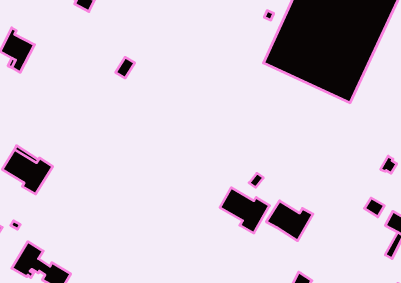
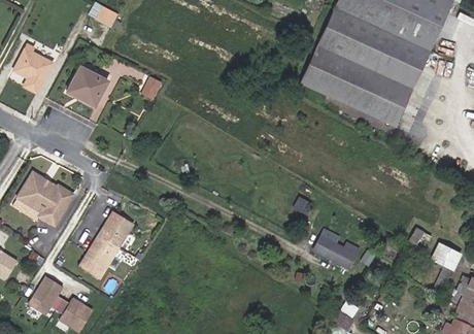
building: none -> [66,66,108,106]
building: none -> [79,211,133,279]
building: [220,188,270,233] -> none

